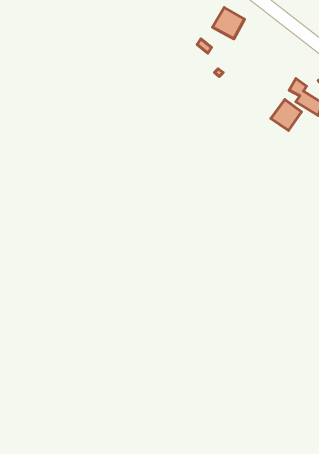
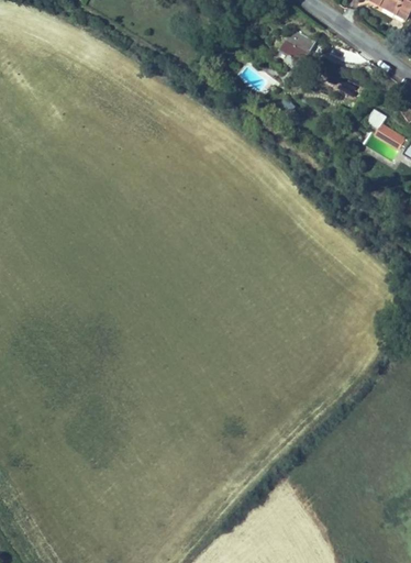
building: [271,100,302,130] -> none

